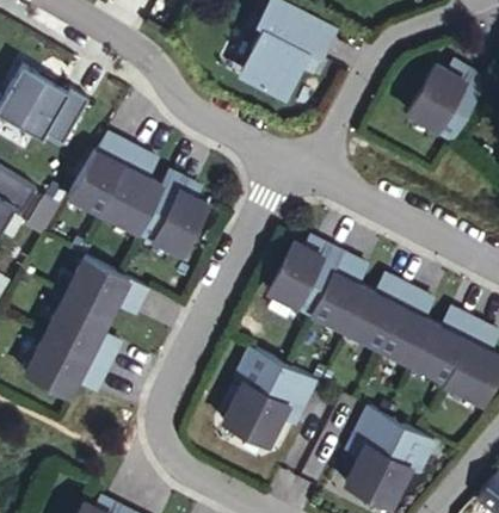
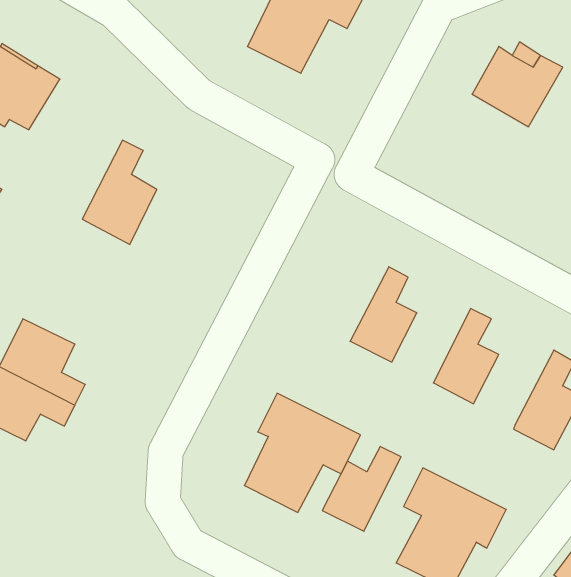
building: [56,141,133,214] -> none
building: [138,169,198,253] -> none
building: [277,243,346,311] -> none
building: [53,254,134,314] -> none
building: [349,277,412,345] -> [322,446,401,531]
building: [414,310,479,378] -> none

